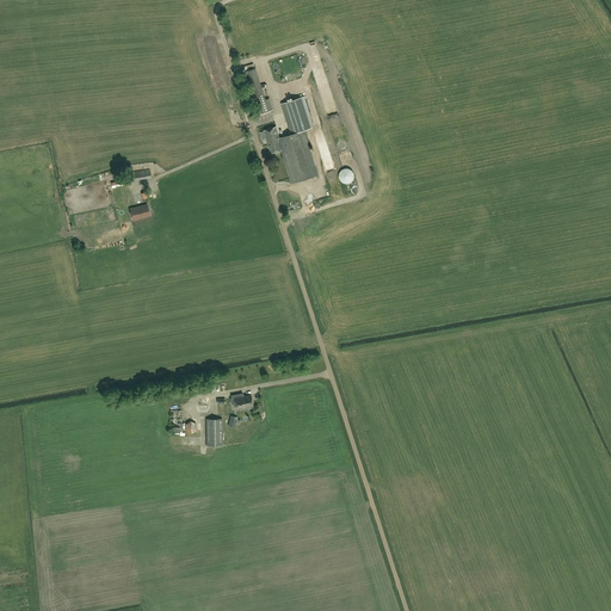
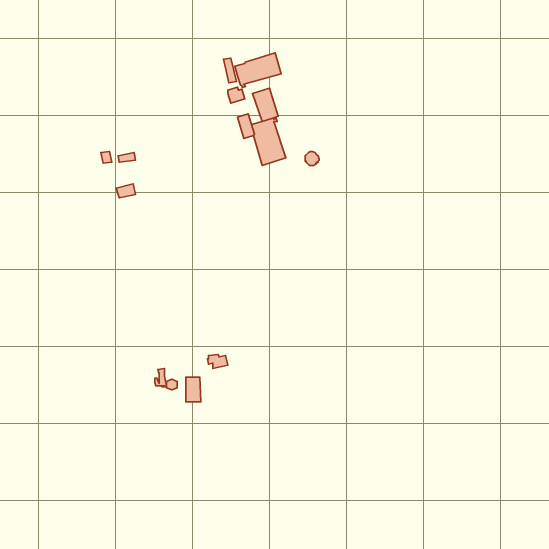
building: none -> [235,53,281,88]

